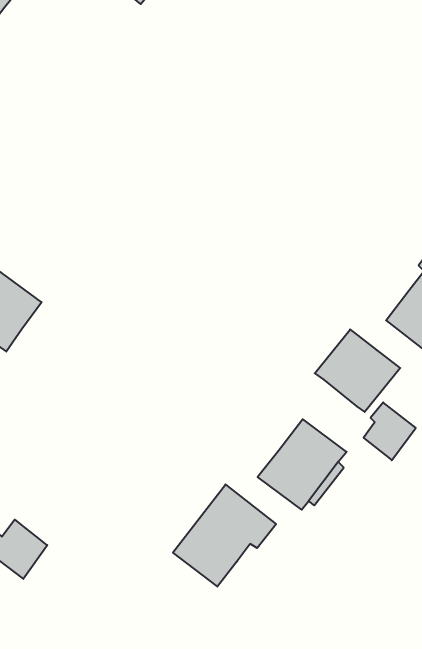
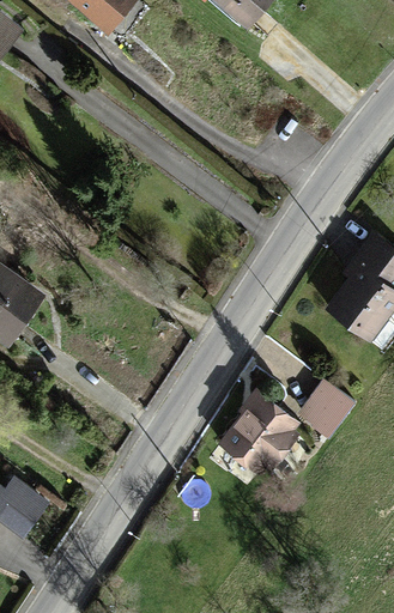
building: [315,329,400,412] -> none
building: [173,484,276,587] -> none

